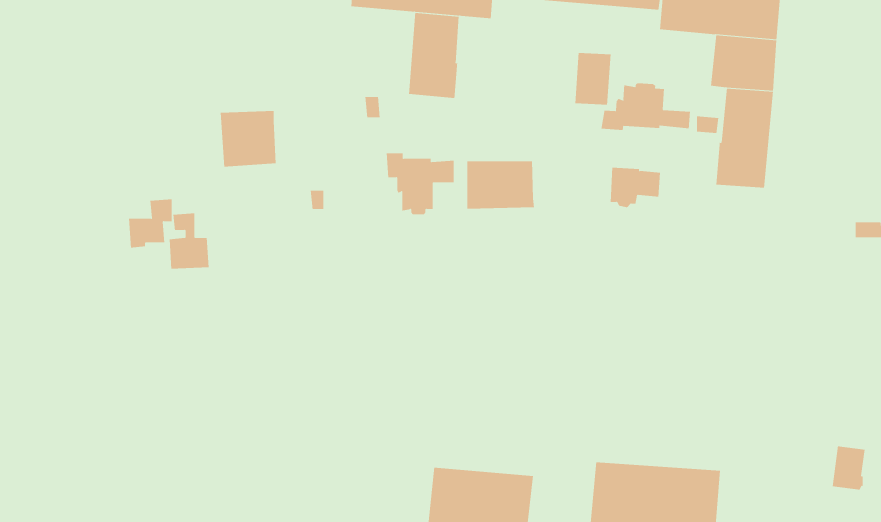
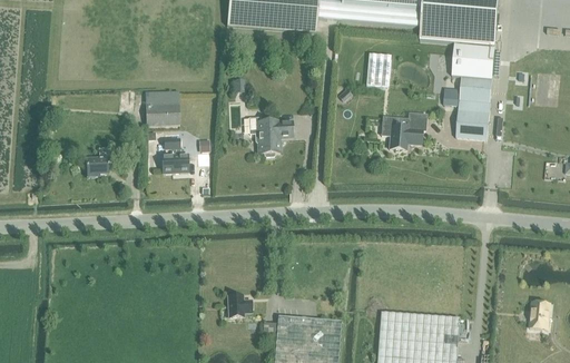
building: [408,12,459,99] -> none
building: [601,83,690,131] -> none
building: [467,161,534,209] -> none
building: [169,213,209,269] -> [160,136,186,171]
building: none -> [227,294,252,316]

